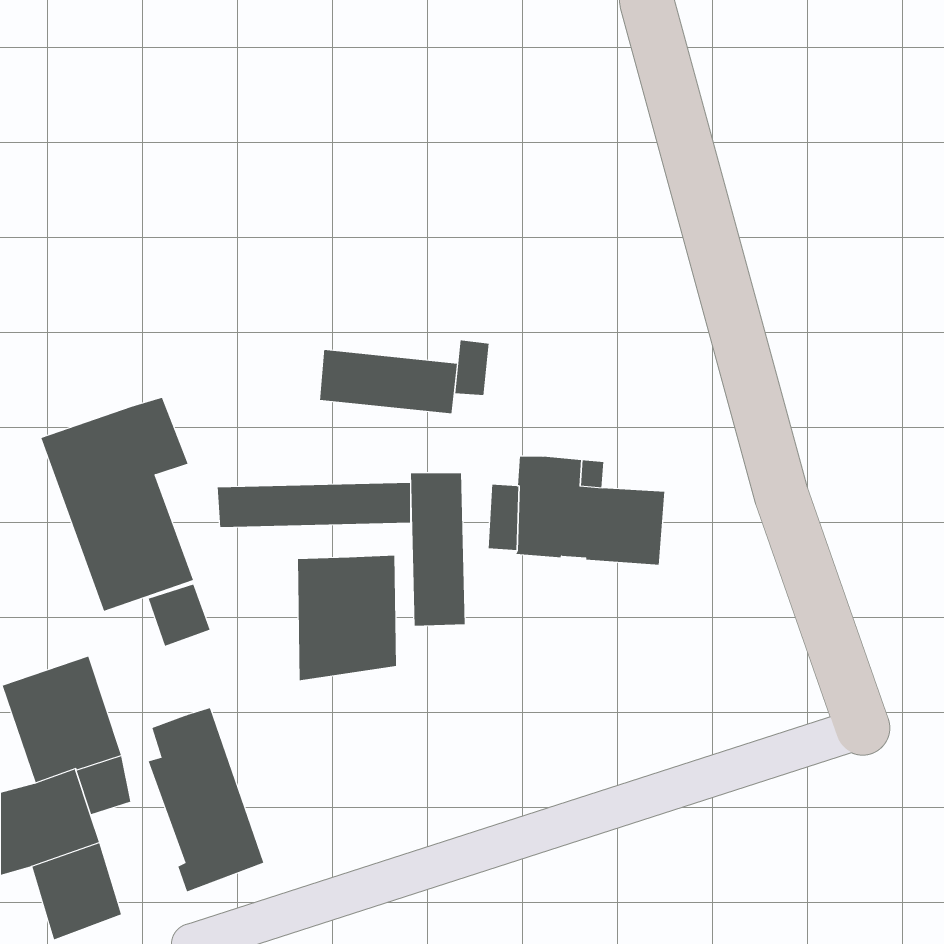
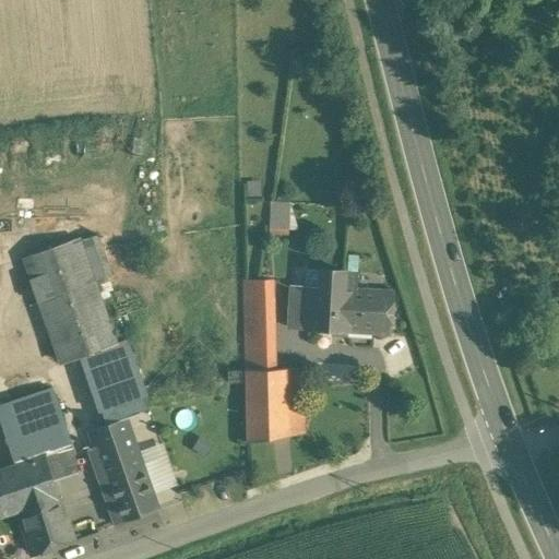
building: [320,349,458,414] -> none
building: [217,482,411,528] -> none
building: [297,555,397,681] -> [245,368,304,442]
building: none -> [96,372,139,423]

